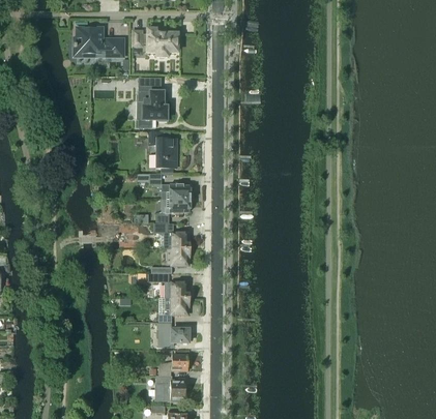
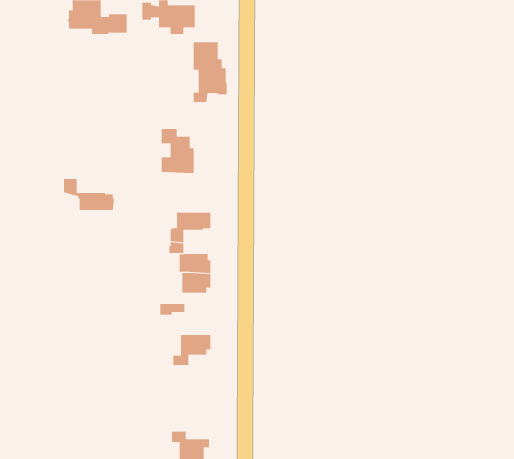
building: [138,79,166,127] -> [193,42,228,103]
building: [148,174,190,200] -> [63,178,115,211]
building: [164,281,188,298] -> none
building: [155,323,187,347] -> none
building: [157,356,187,376] -> none

